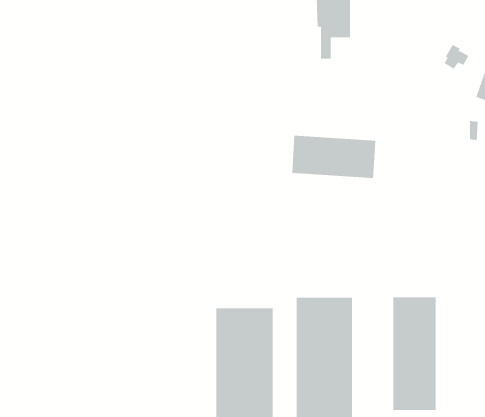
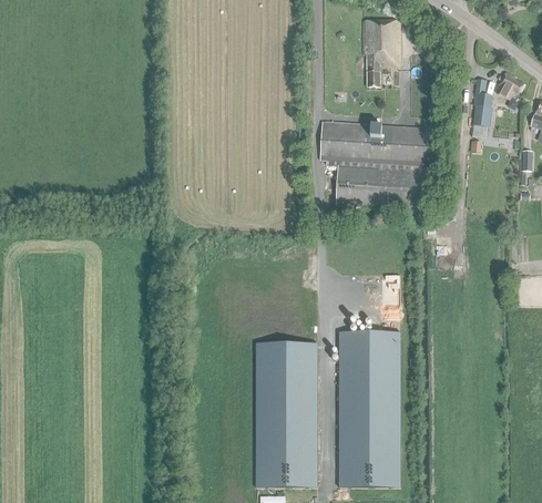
building: none -> [473,91,493,125]
building: none -> [318,119,440,165]
building: [393,297,436,411] -> none

